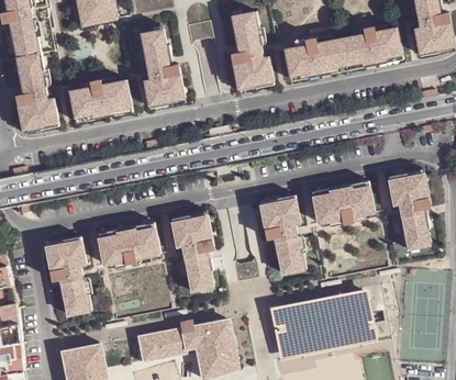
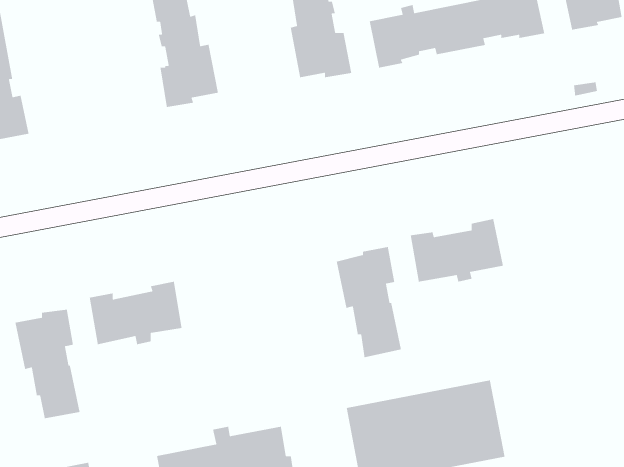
building: [70,78,132,121] -> none
building: [388,177,430,249] -> none
building: [171,219,213,291] -> none

